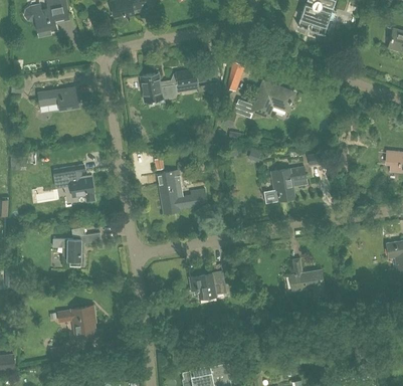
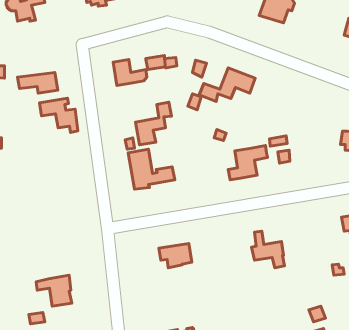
building: none -> [136,102,172,145]
building: [52,165,93,202] -> [40,98,78,133]
building: [52,233,100,266] -> none

